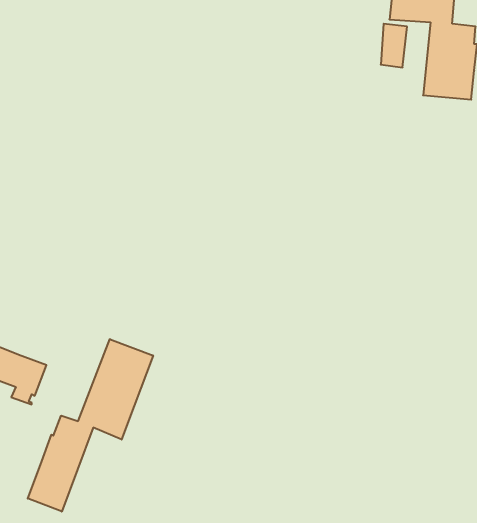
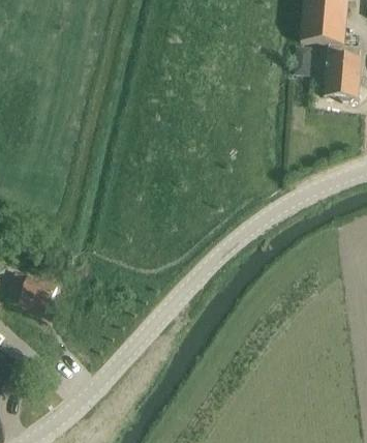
building: [28,339,153,512] -> none

